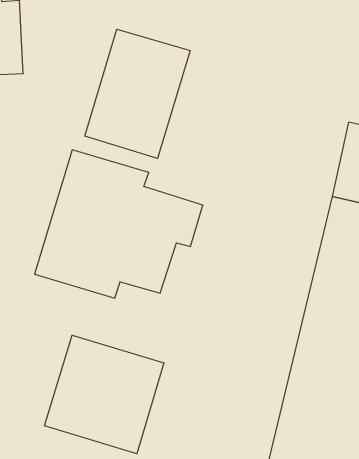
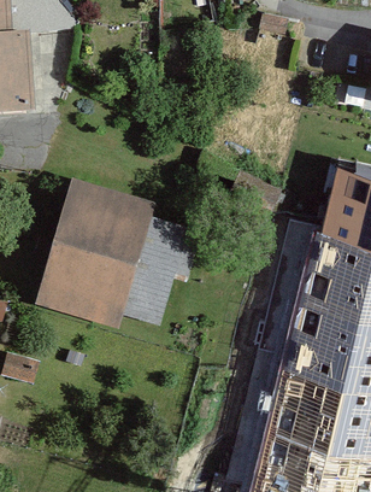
building: [85,29,190,158] -> none
building: [44,335,164,454] -> none

